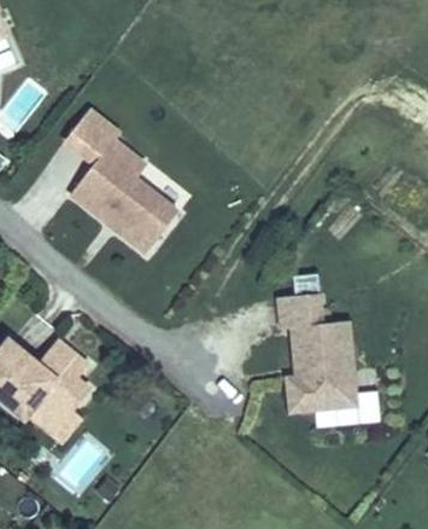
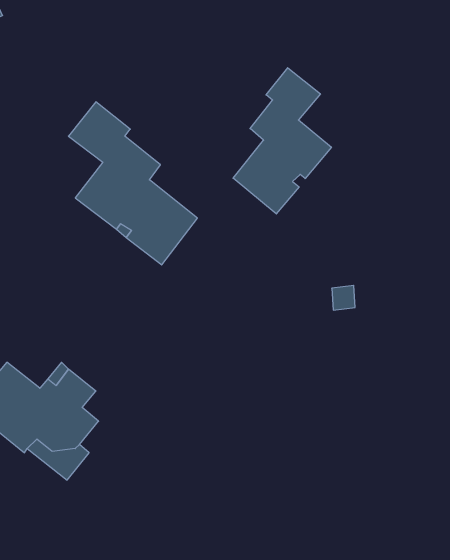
building: none -> [233,68,331,214]
building: [277,261,356,413] -> none

